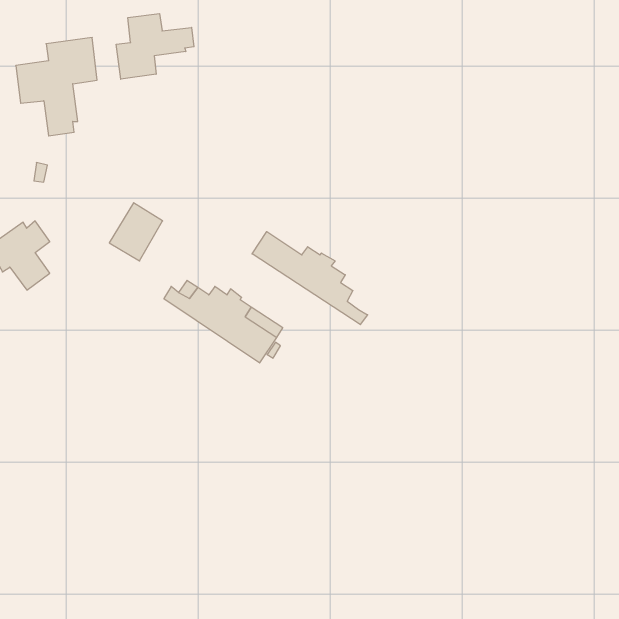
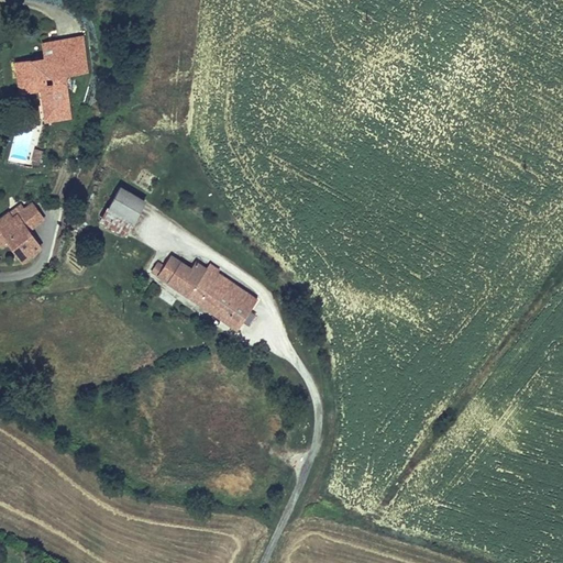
building: [116,14,194,79] -> none
building: [252,232,368,325] -> none

